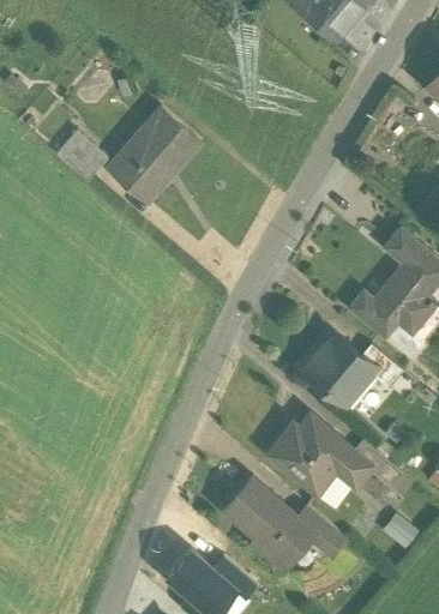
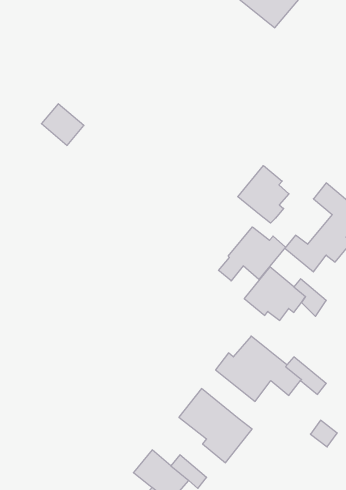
building: [108,109,199,203] -> none
building: none -> [238,166,289,223]
building: none -> [219,227,286,281]
building: [296,505,345,554] -> none

